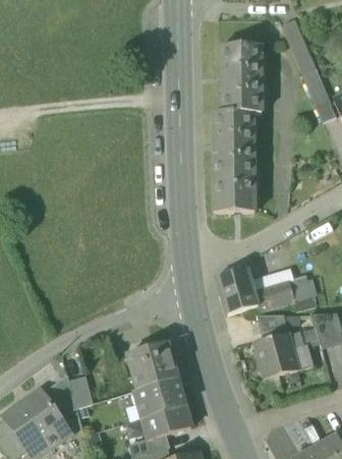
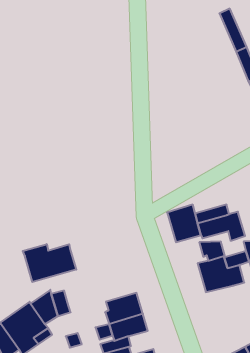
building: [215,46,263,209] -> none
building: none -> [23,244,76,282]
building: [127,341,177,389] -> none

